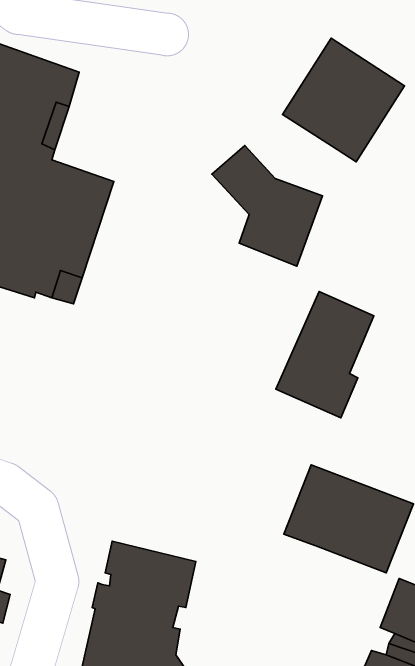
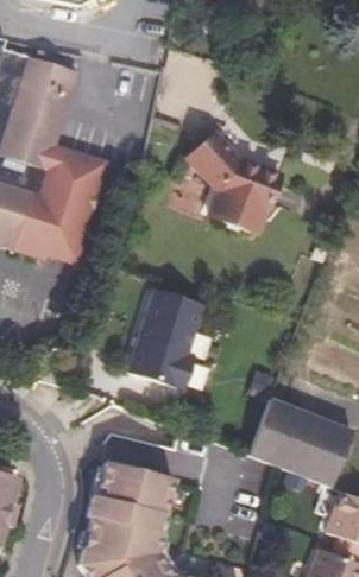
building: [283,38,404,162] -> none
building: [276,291,374,418] -> [130,291,210,395]

